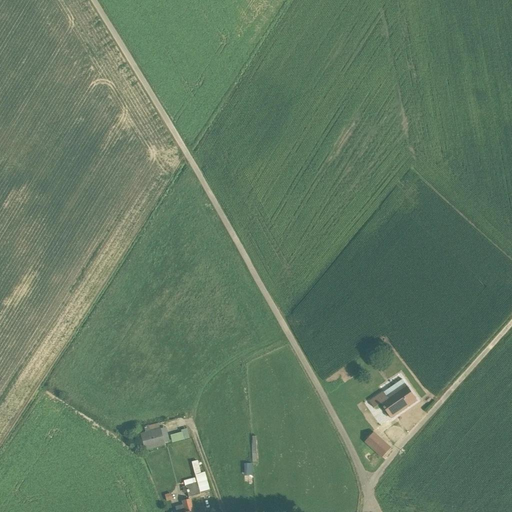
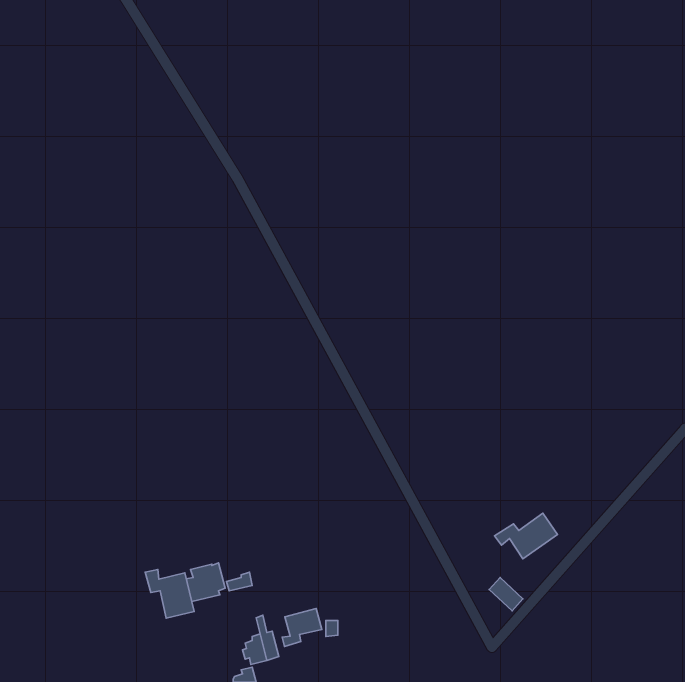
building: none -> [145,569,194,618]
building: none -> [282,609,322,647]

